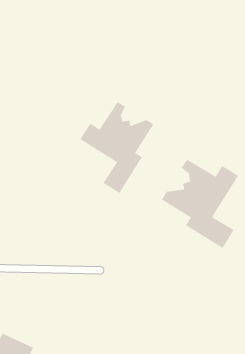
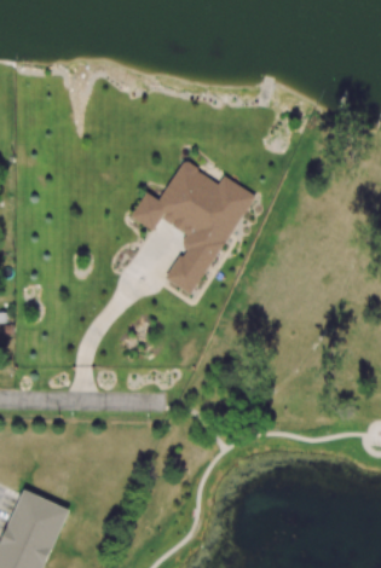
building: [161,159,239,249] -> none

